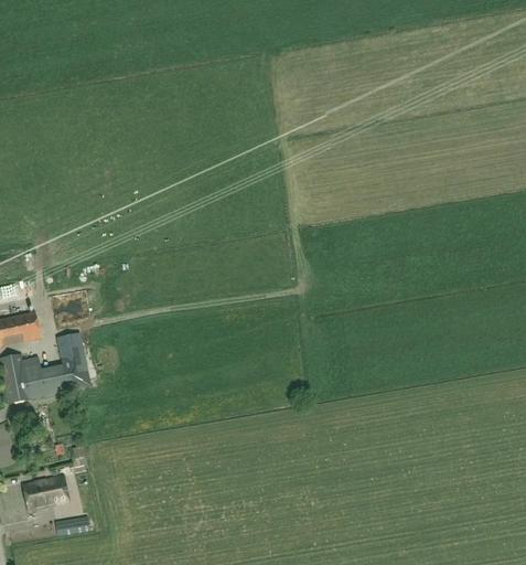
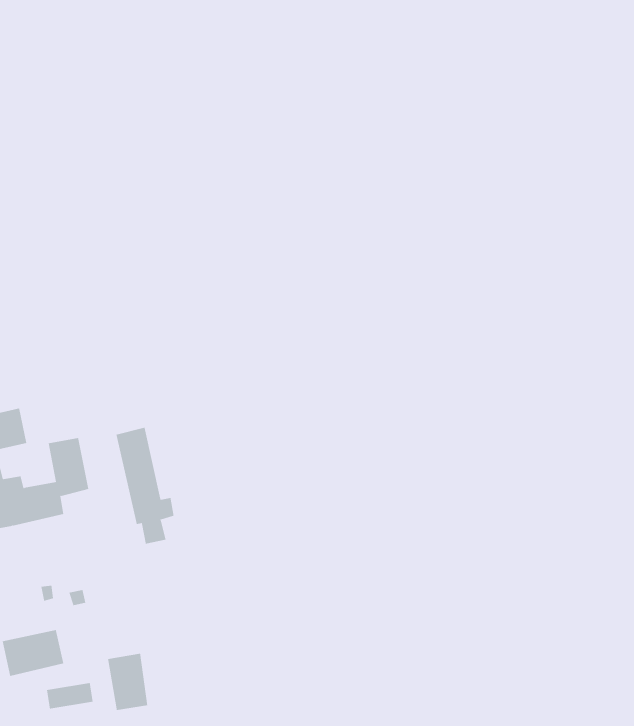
building: none -> [116,427,174,545]
building: none -> [108,653,148,711]

